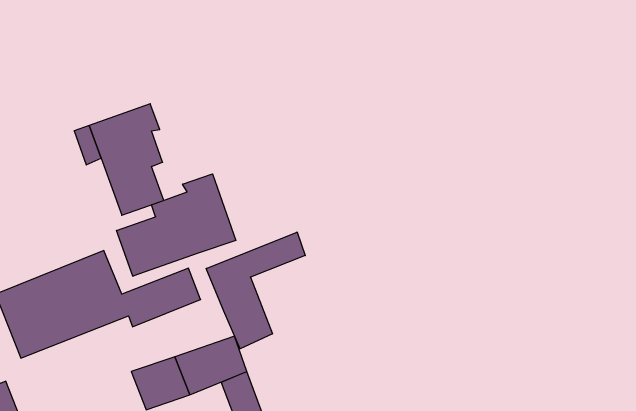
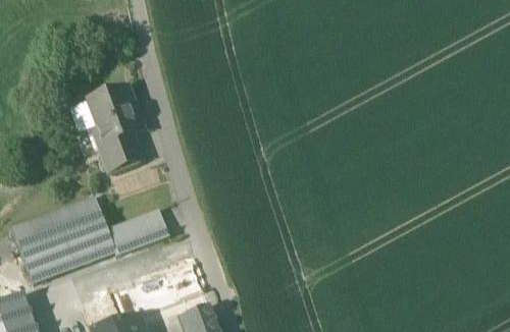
building: [117,174,236,276] -> none
building: [206,232,305,349] -> none

